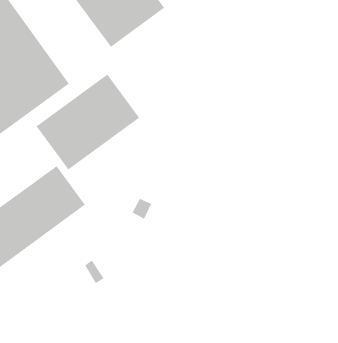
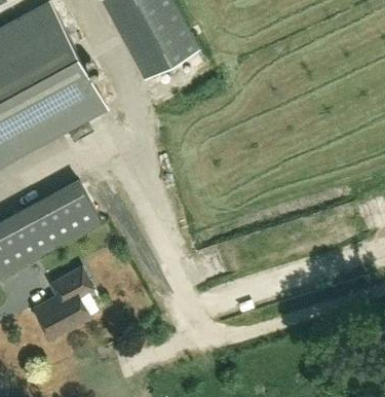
building: [36,74,140,170] -> none
building: none -> [35,267,93,338]

